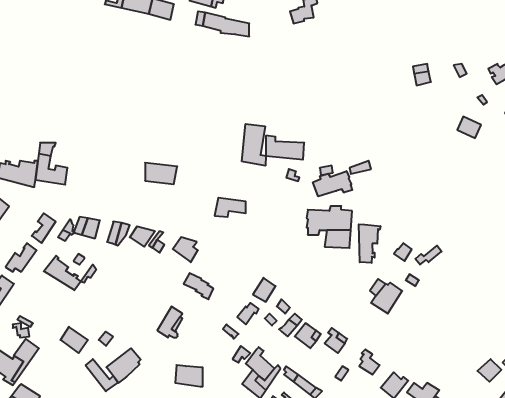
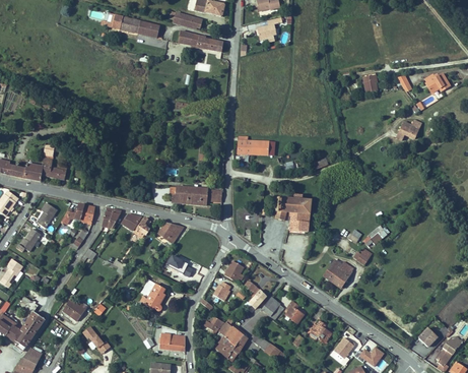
building: [242,124,266,166] -> none
building: [145,163,177,184] -> [169,186,196,204]
building: [313,171,352,196] -> none
building: [359,224,380,263] -> none
building: [44,256,81,290] -> none
building: [106,348,141,383] -> none

